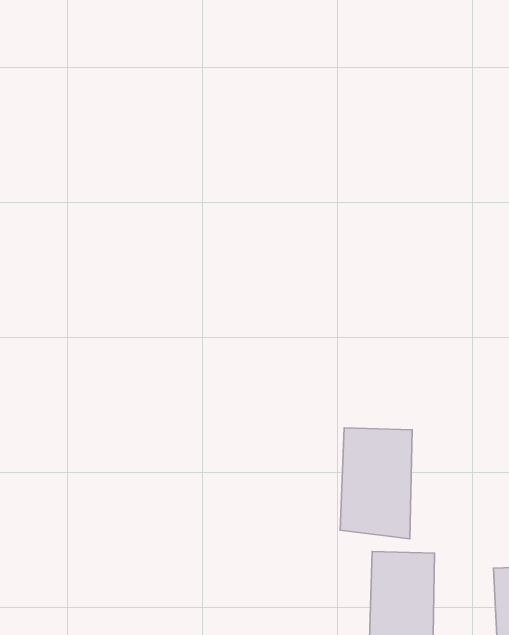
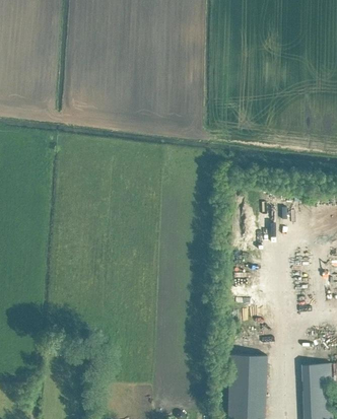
building: [340,428,412,539] -> none

